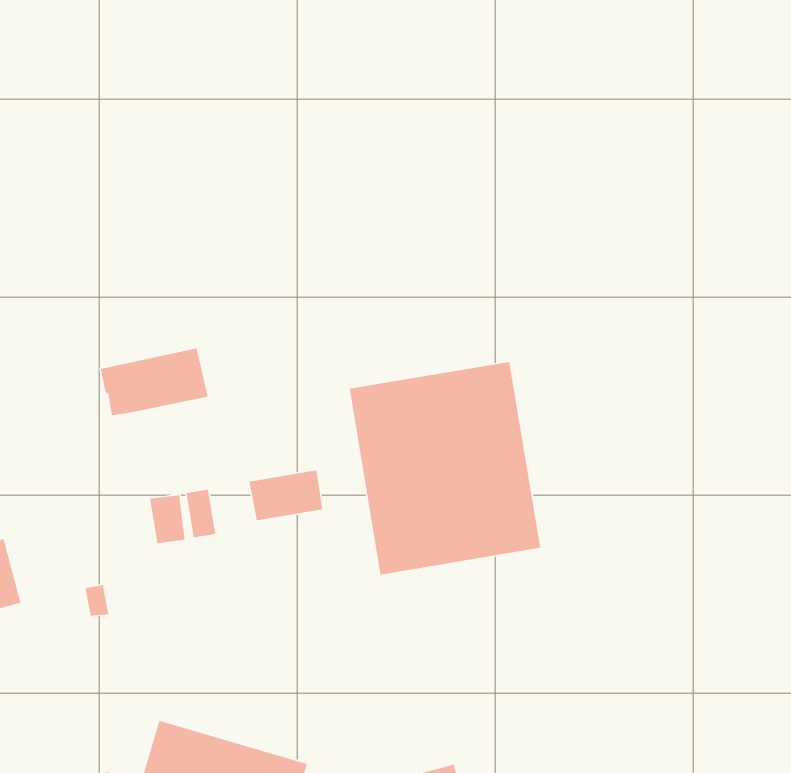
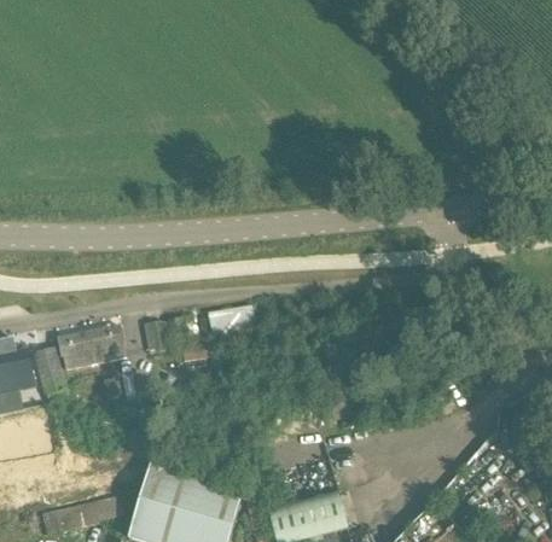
building: [100,348,209,416] -> [56,325,124,368]
building: [349,361,541,575] -> none

